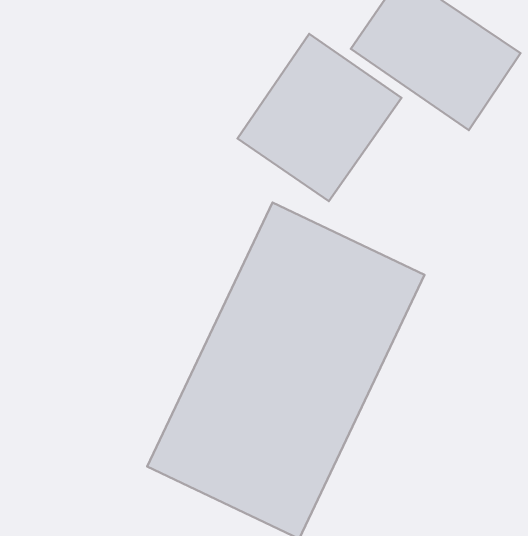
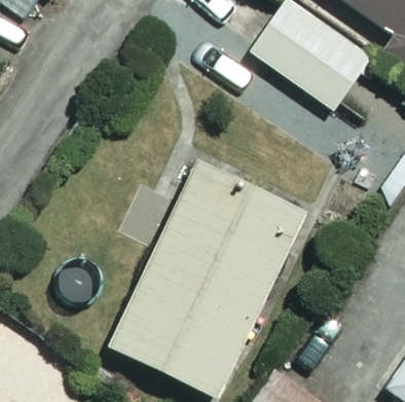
building: [237,34,401,201] -> none

